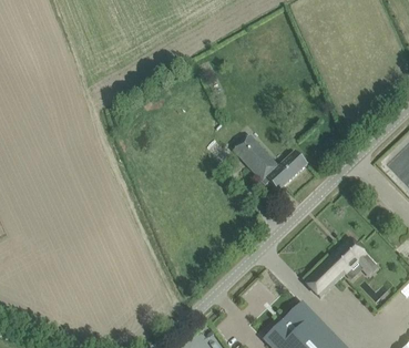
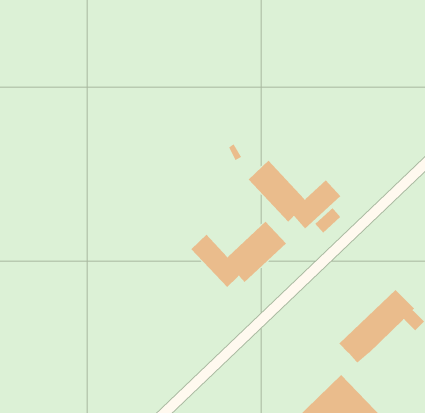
building: none -> [190,221,287,288]

